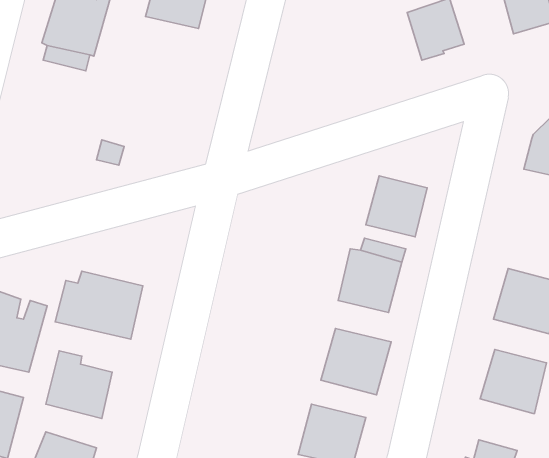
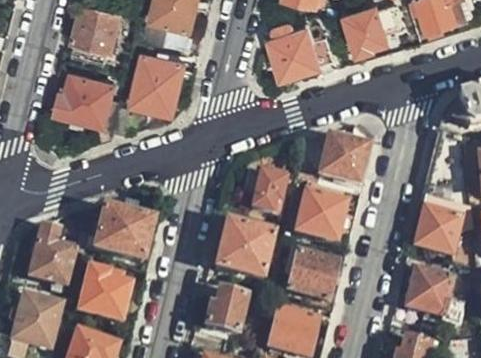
building: none -> [271,20,334,75]
building: none -> [130,40,183,112]
building: none -> [55,69,115,122]
building: none -> [240,172,284,216]
building: none -> [213,224,270,279]
building: none -> [202,290,243,333]

